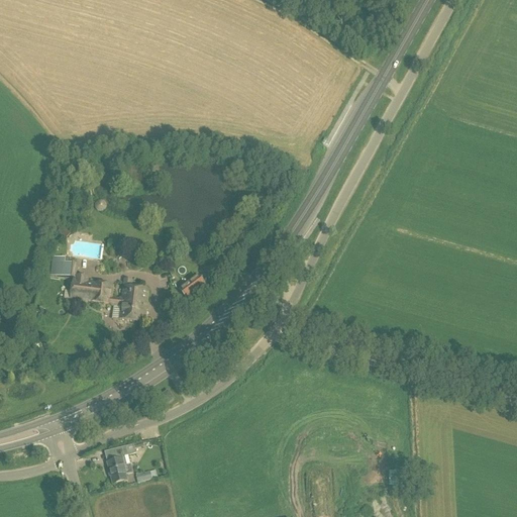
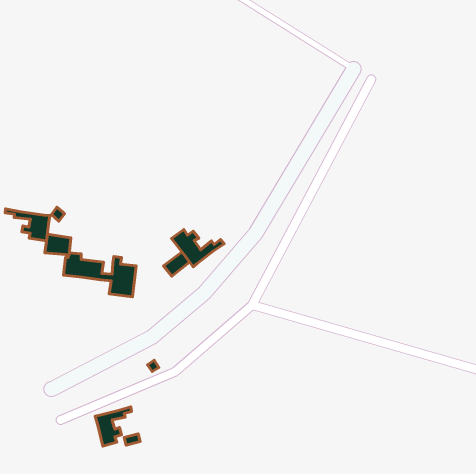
building: none -> [5,209,50,241]
building: none -> [171,229,224,267]

